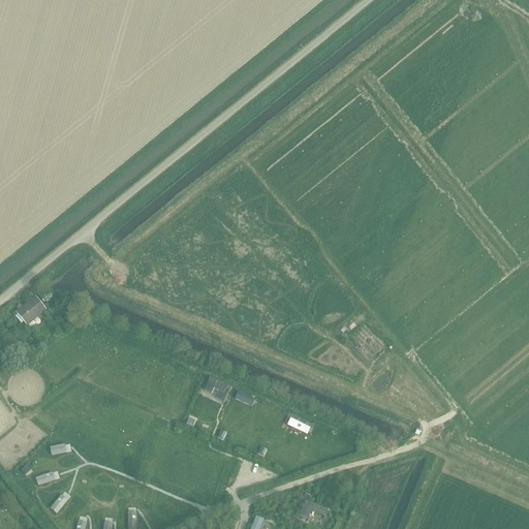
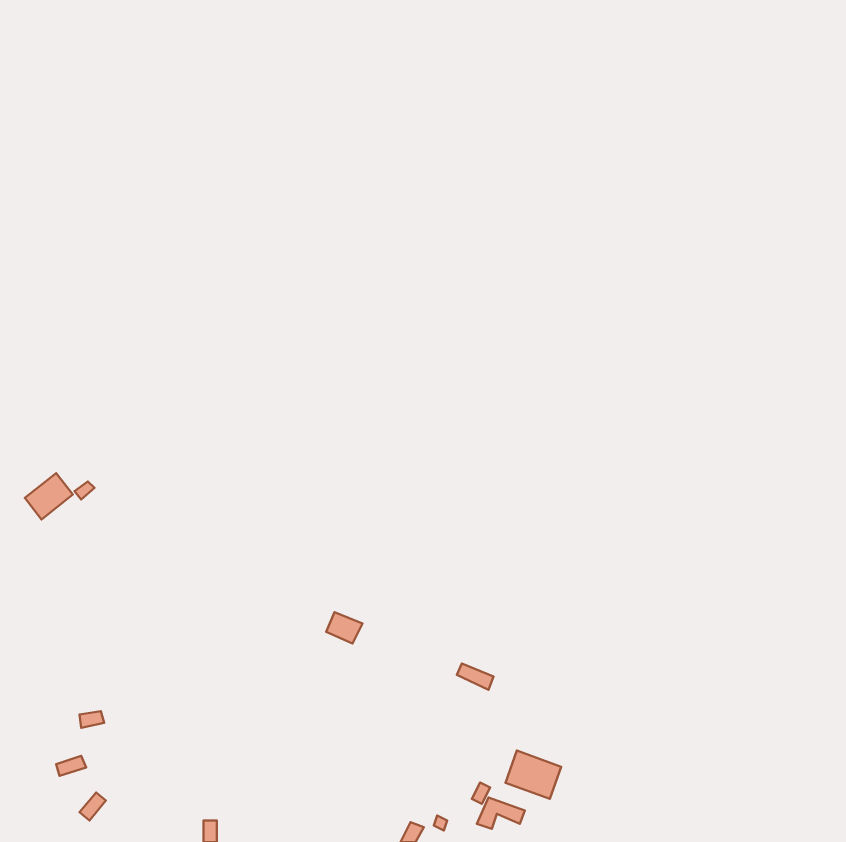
building: none -> [505,751,561,799]

